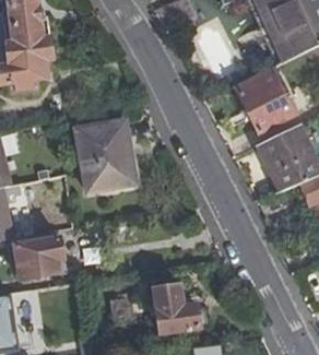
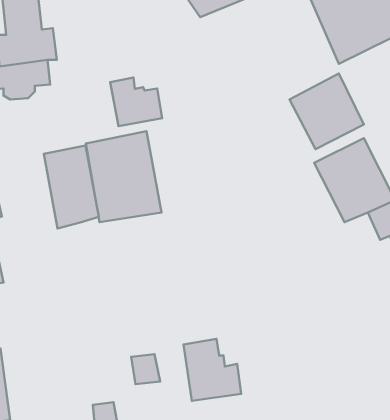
building: none -> [110,78,162,126]
building: none -> [44,145,99,228]
building: [12,229,63,279] -> none

